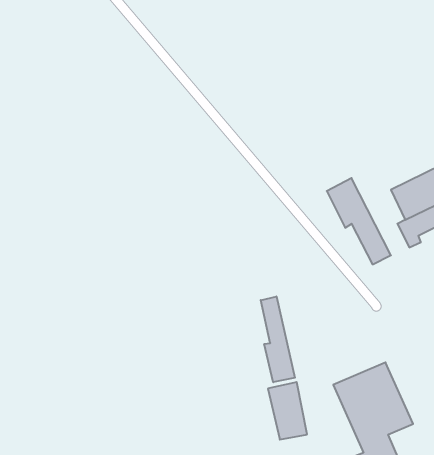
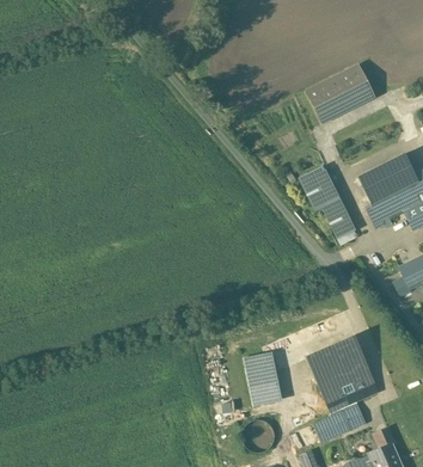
building: none -> [306,63,375,122]
building: [261,296,295,382] -> none

